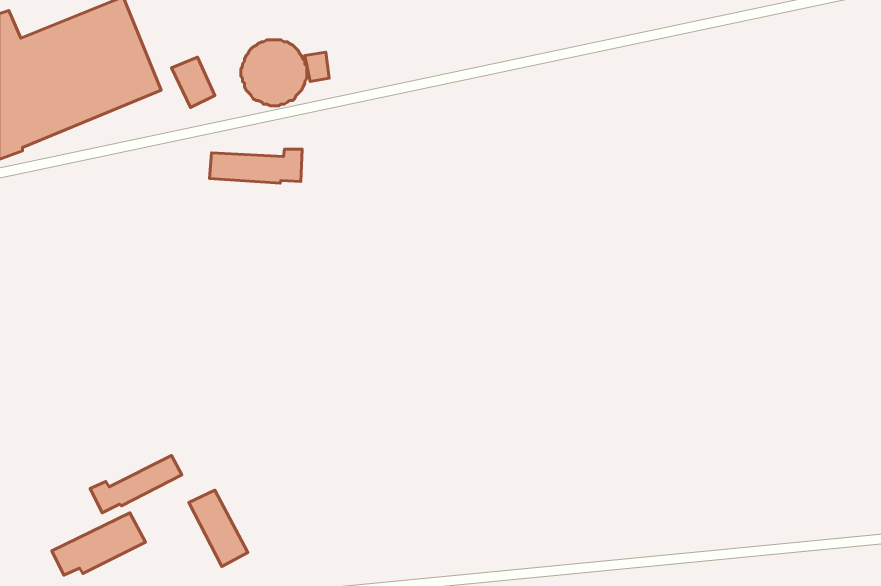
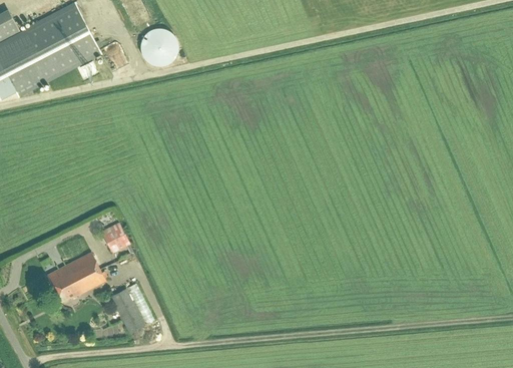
building: [210,149,302,183] -> none
building: none -> [102,223,131,254]
building: [52,513,145,575] -> [47,253,101,289]

